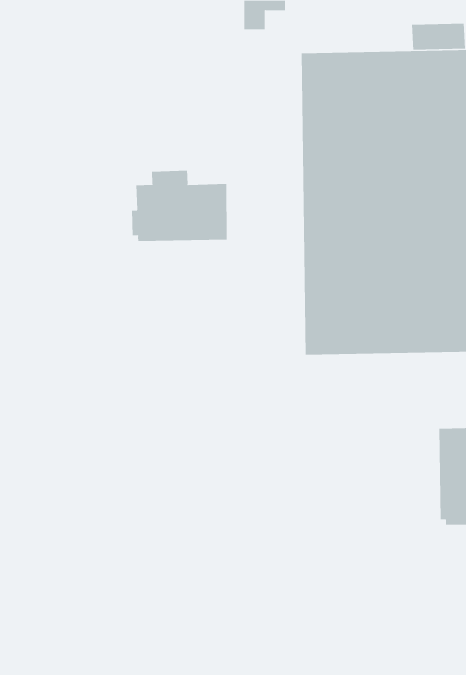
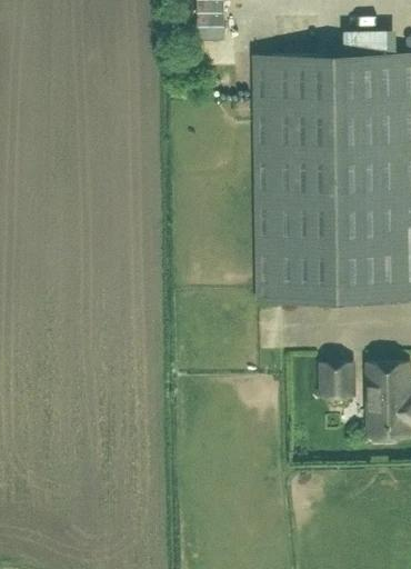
building: [131,170,227,242] -> none
building: none -> [320,362,353,397]

